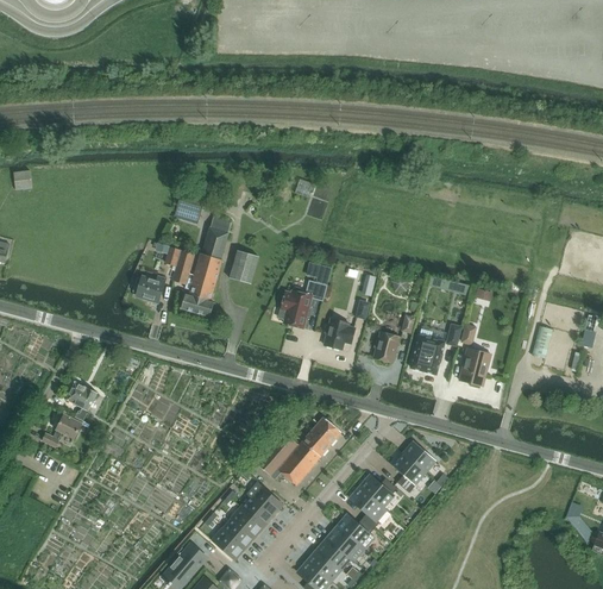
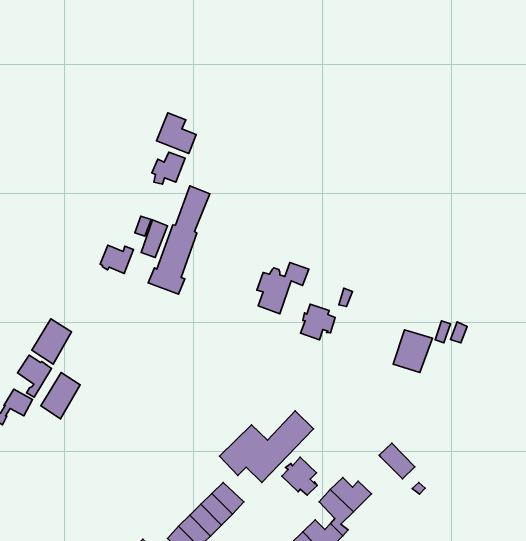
building: none -> [156,113,196,154]
building: [230,249,258,282] -> none
building: [373,331,400,362] -> none
building: none -> [32,319,71,364]
building: [459,346,491,387] -> none
building: none -> [41,373,80,419]
building: [394,452,426,491] -> none
building: none -> [282,457,317,495]

